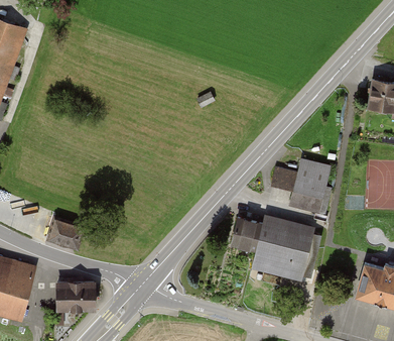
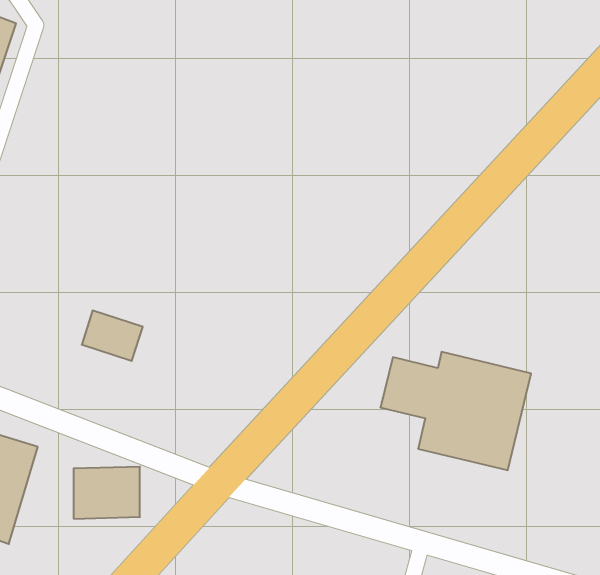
building: [272,159,332,215] -> none
building: [47,220,82,248] -> [82,311,143,361]

